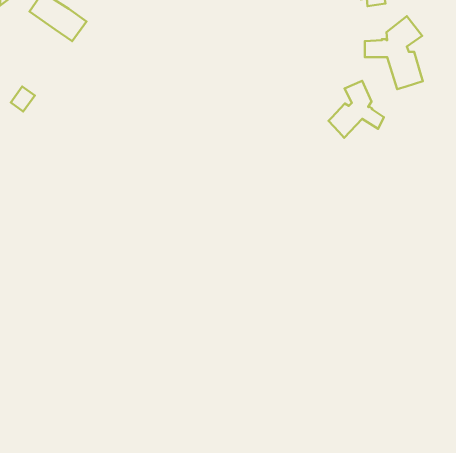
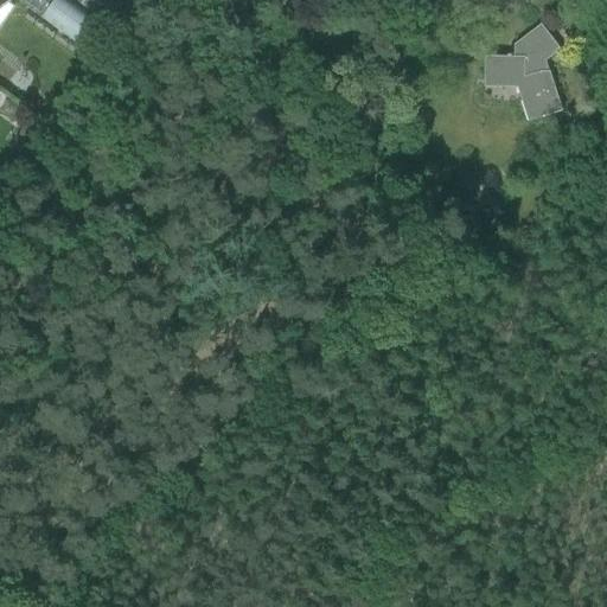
building: [328,81,384,138] -> none

